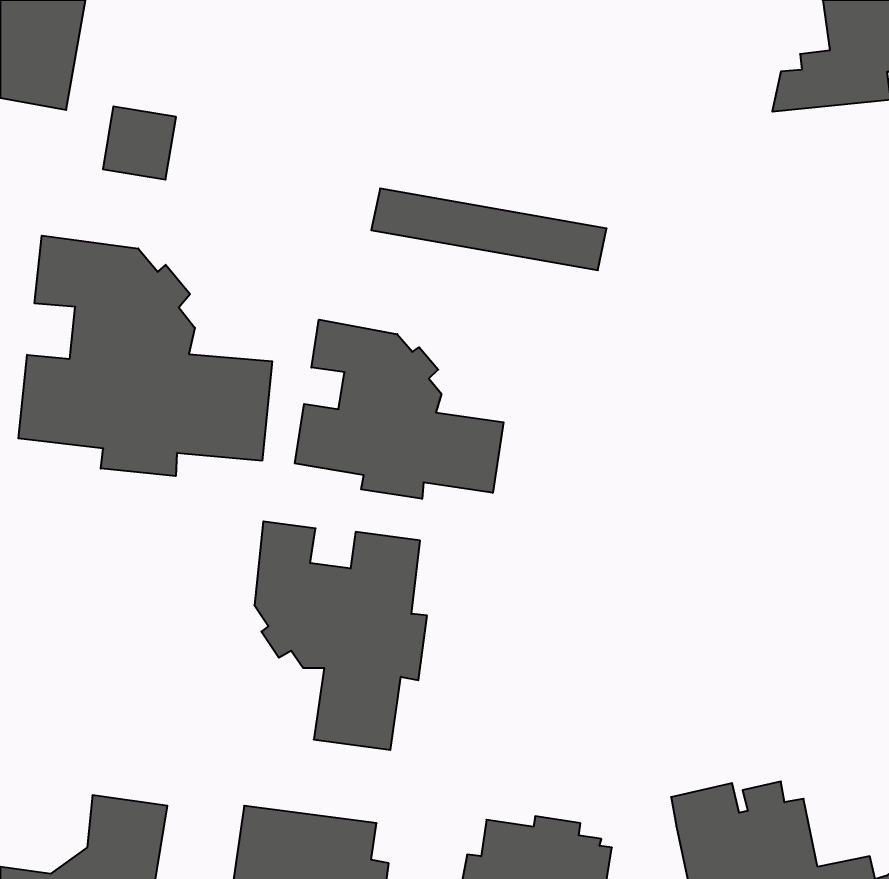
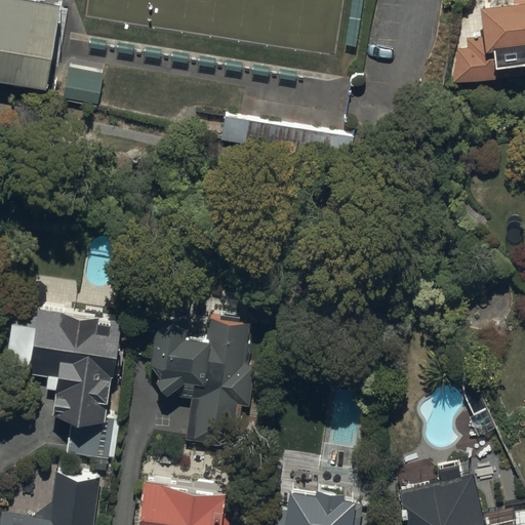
building: [18,236,272,476] -> none
building: [295,320,504,499] -> none
building: none -> [7,308,122,475]

